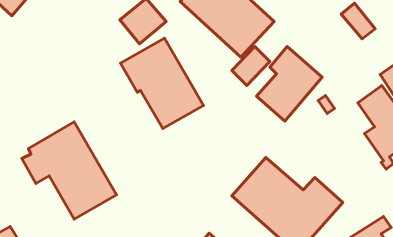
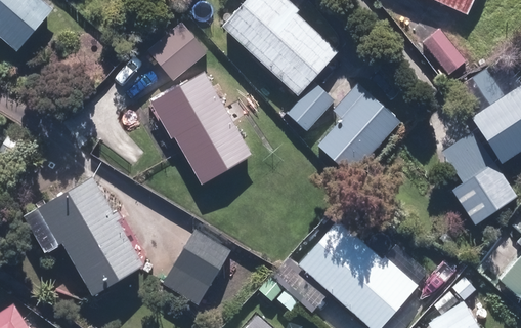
building: none -> [164,229,231,303]

